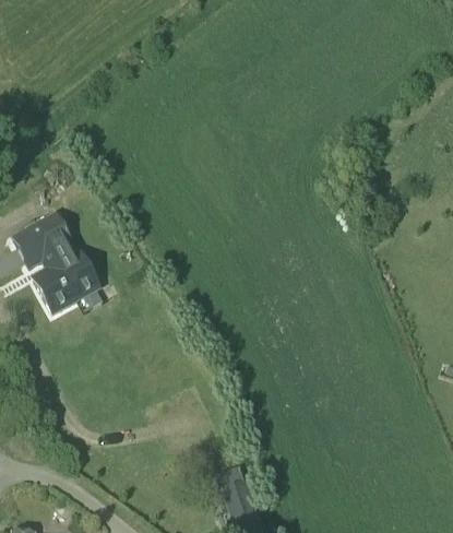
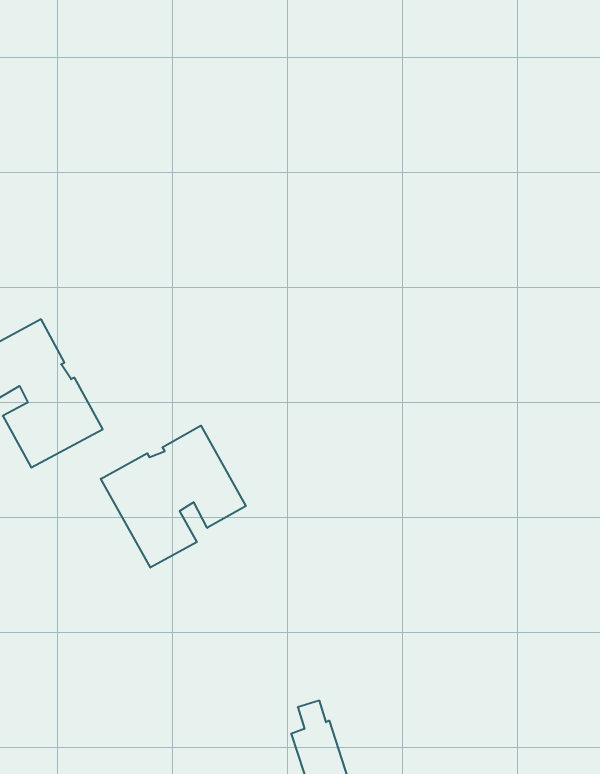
building: none -> [101,426,246,568]

